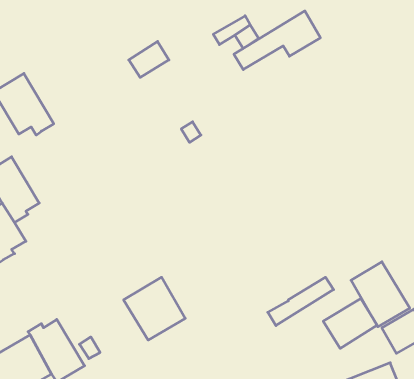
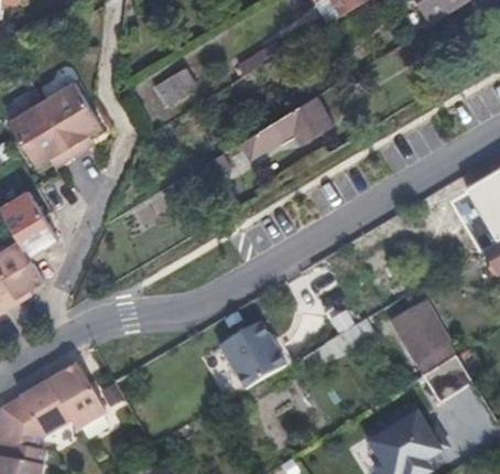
building: [234,11,320,70] -> [240,95,333,158]
building: none -> [41,80,100,154]
building: [124,277,185,340] -> [217,322,283,389]
building: [323,299,377,348] -> none

